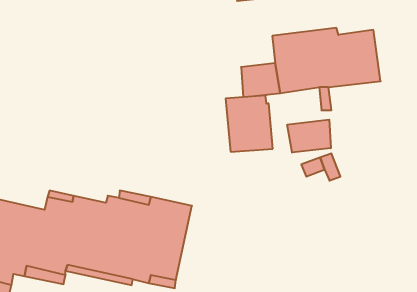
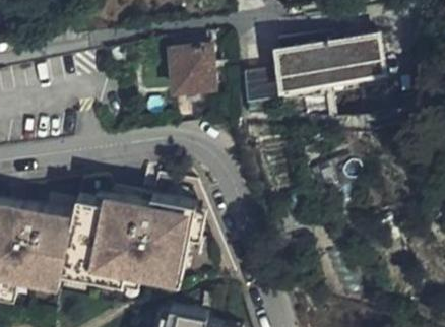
building: [226,96,273,152] -> [168,35,215,91]
building: [287,120,331,153] -> none

